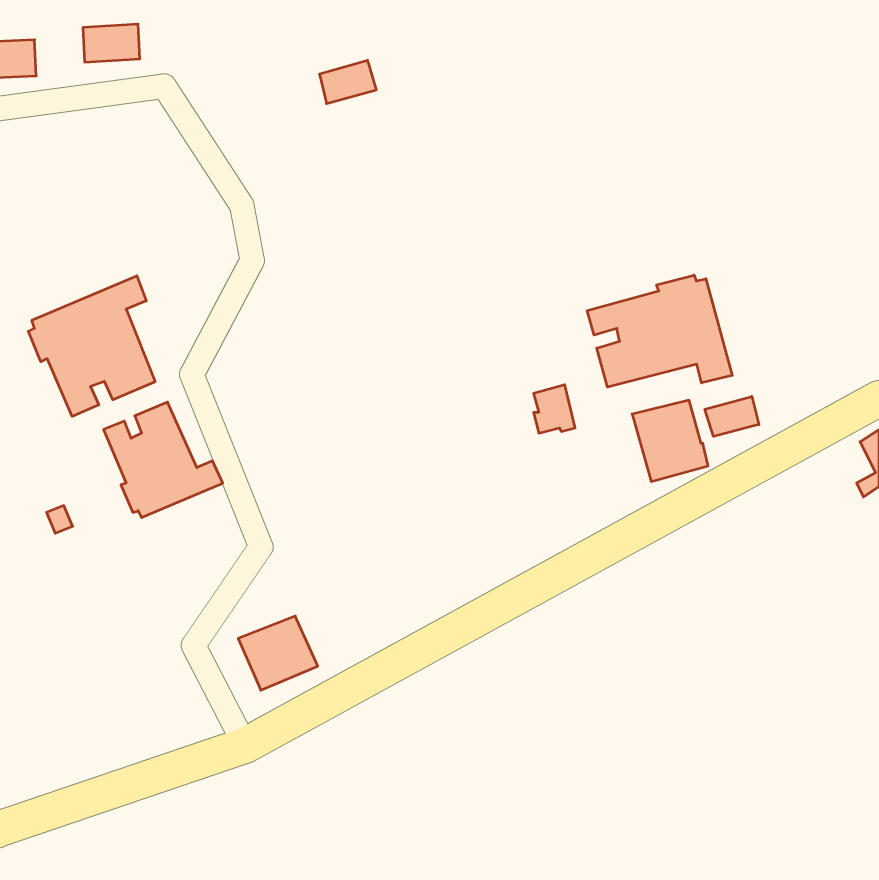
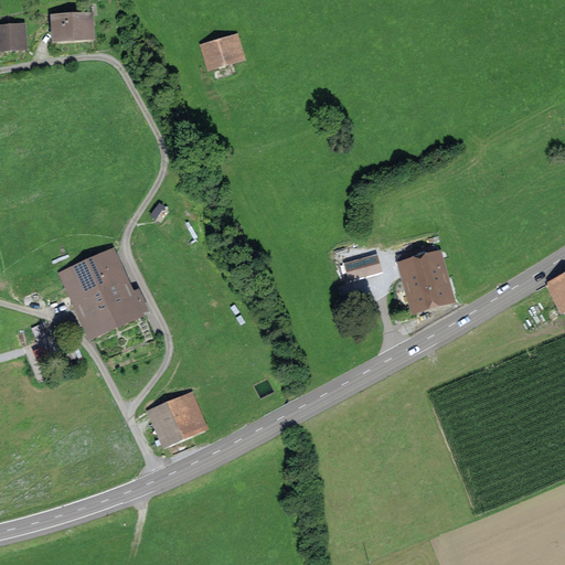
building: [587,275,732,387] -> none
building: [28,276,155,416] -> none
building: [705,396,759,436] -> none

